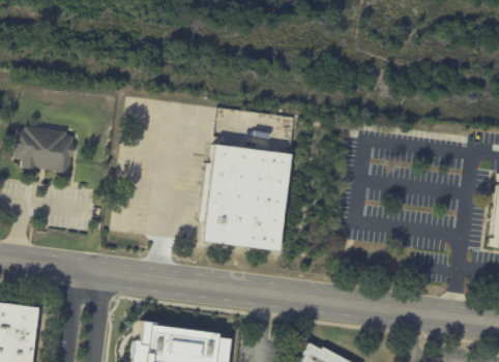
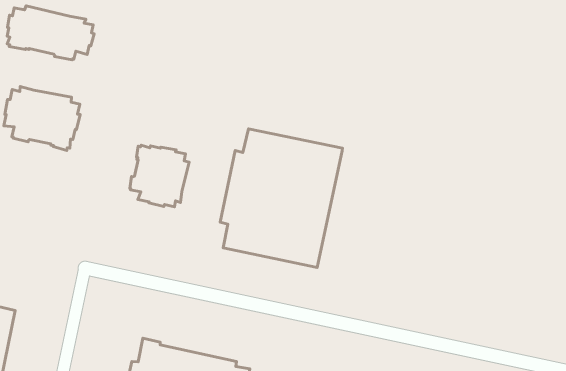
building: none -> [7,6,94,60]
building: none -> [130,145,189,207]

